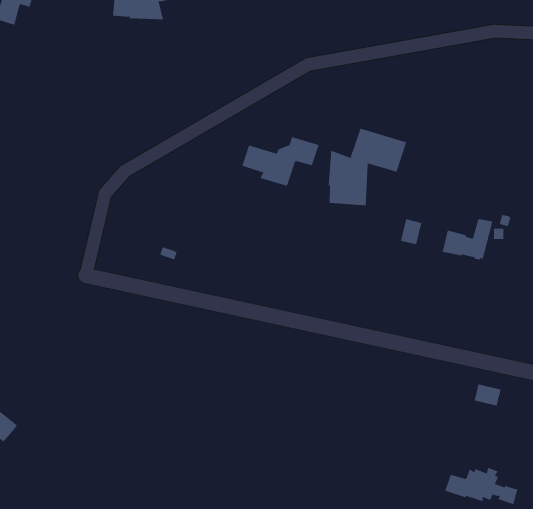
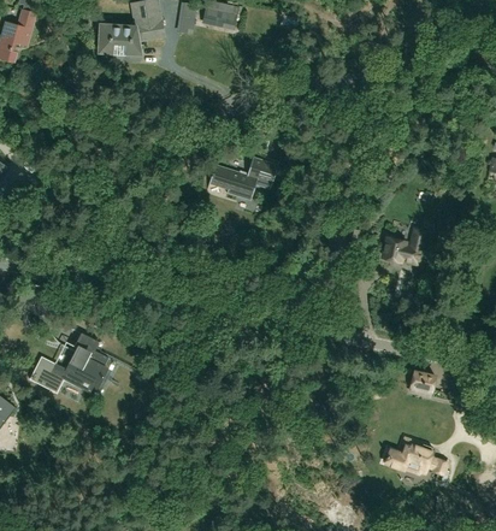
building: [328,128,407,206] -> none
building: none -> [30,334,110,393]

